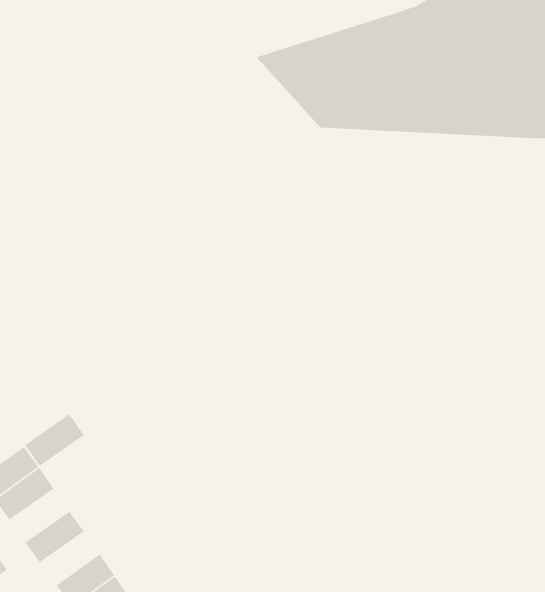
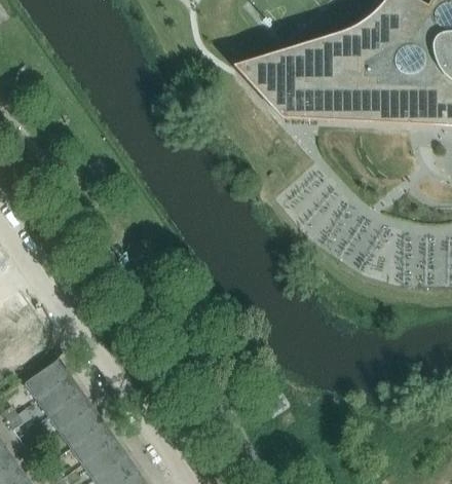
building: [24,413,85,467] -> [48,389,93,430]
building: none -> [71,421,116,461]

